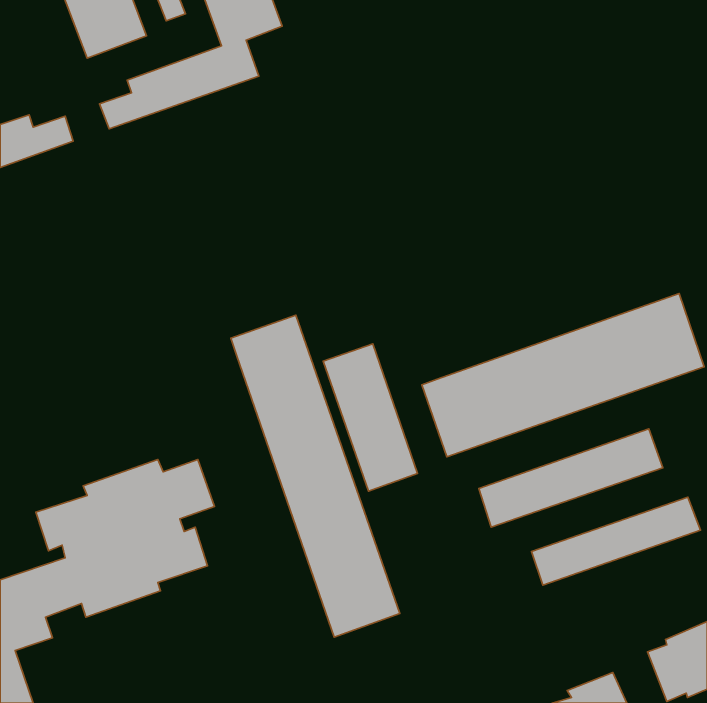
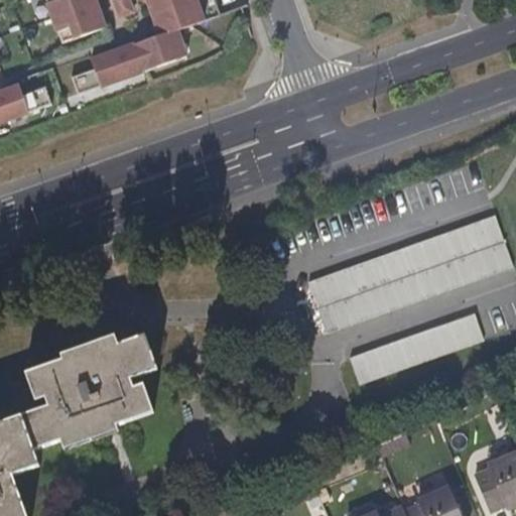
building: [231,315,400,637] -> none
building: [323,344,418,491] -> none
building: [531,497,700,585] -> none

